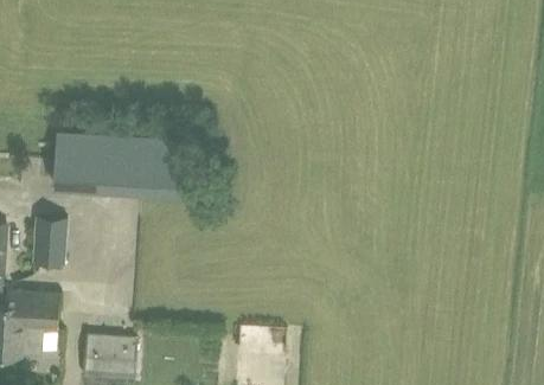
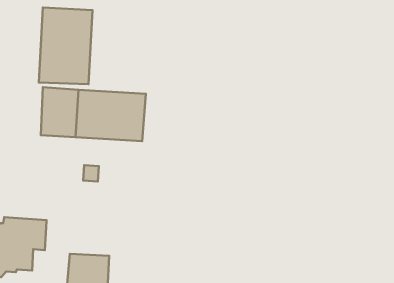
building: none -> [39,8,92,84]
building: [33,218,65,265] -> none

